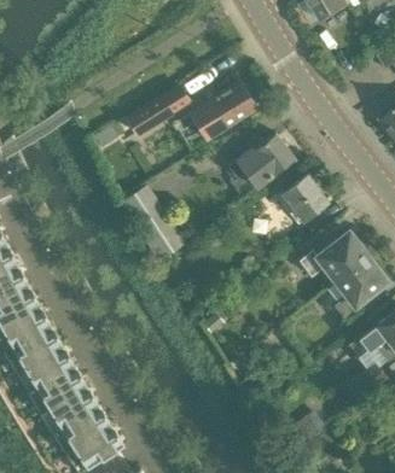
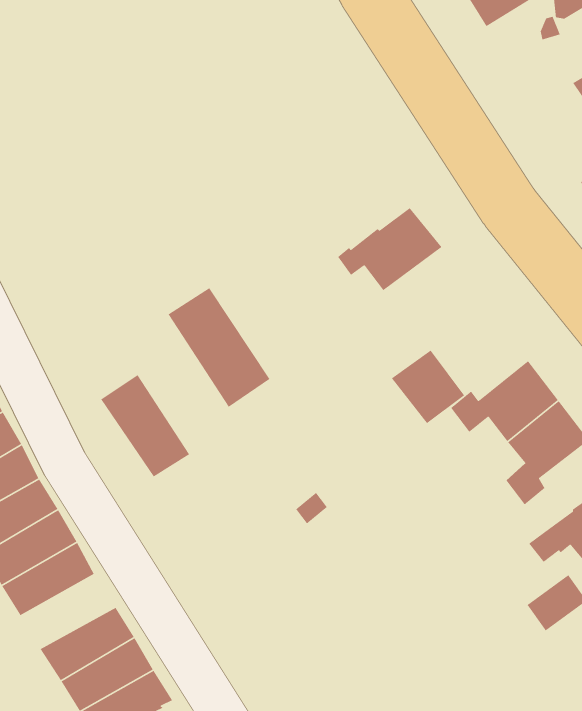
building: [173,82,255,148] -> none
building: [126,86,188,135] -> none
building: [280,174,327,221] -> [391,349,465,424]
building: none -> [100,374,190,477]
building: [27,366,87,413] -> none

